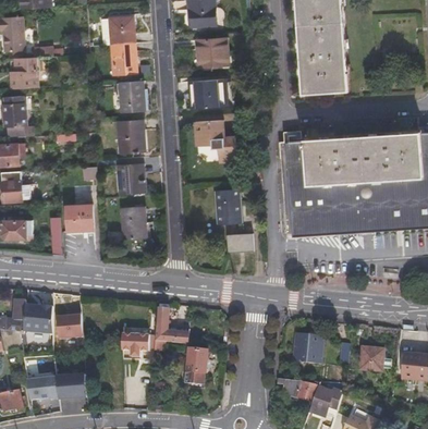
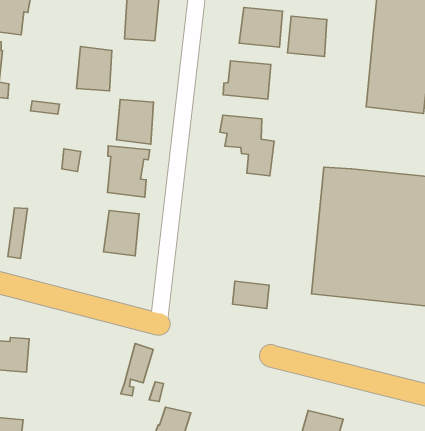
building: none -> [287,16,327,56]
building: [120,81,147,113] -> [76,47,112,91]
building: [216,199,240,234] -> none
building: [65,201,91,229] -> none
building: [121,334,156,357] -> none

